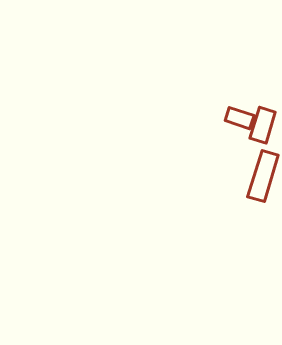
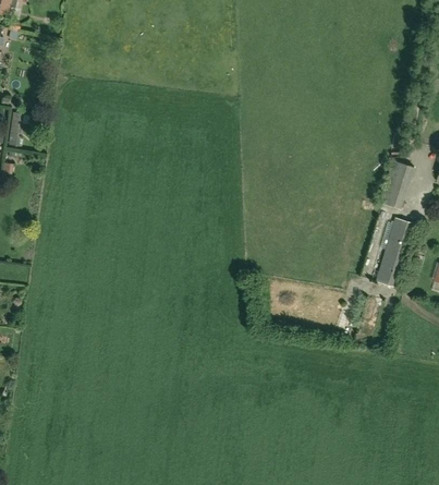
building: [225,107,254,129] -> none

